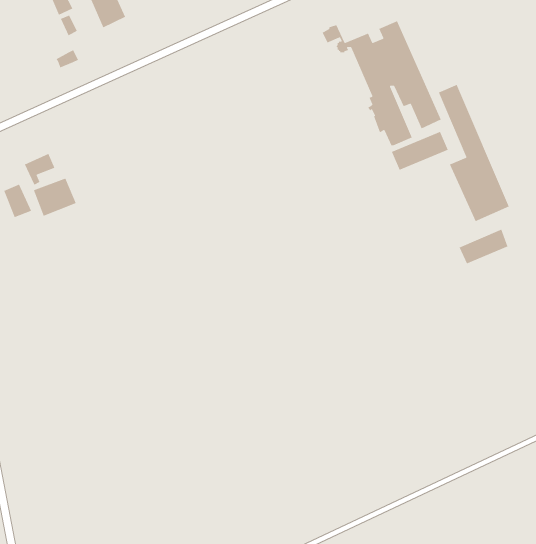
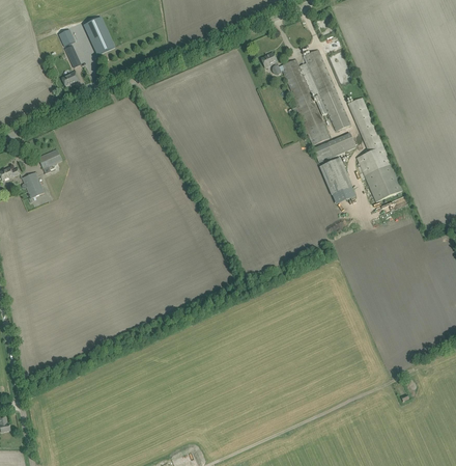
building: none -> [320,158,352,194]
building: [33,177,77,217] -> none
building: [459,229,509,265] -> none

